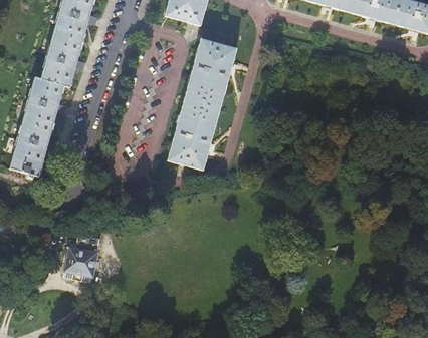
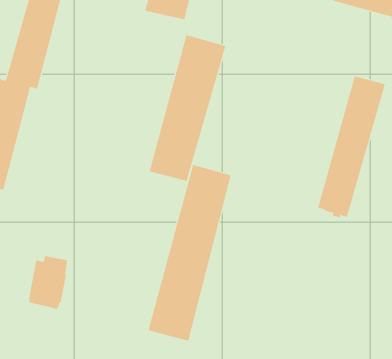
building: none -> [317,76,385,218]
building: none -> [148,164,231,342]

